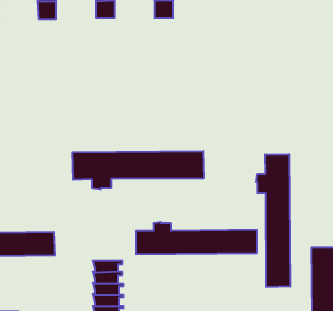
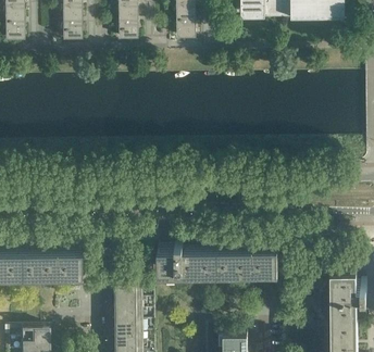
building: [73,151,204,190] -> none
building: [256,154,290,287] -> none

